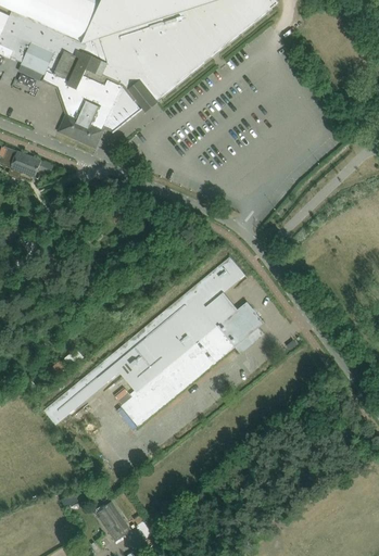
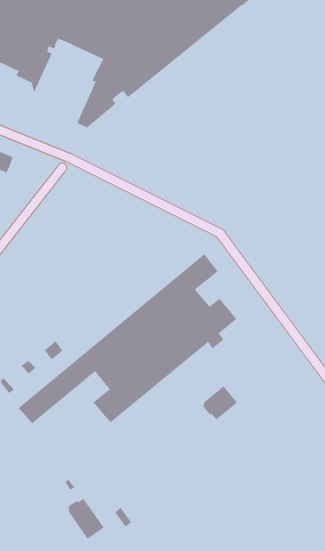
building: [61,42,130,146] -> none
building: none -> [203,386,238,420]

